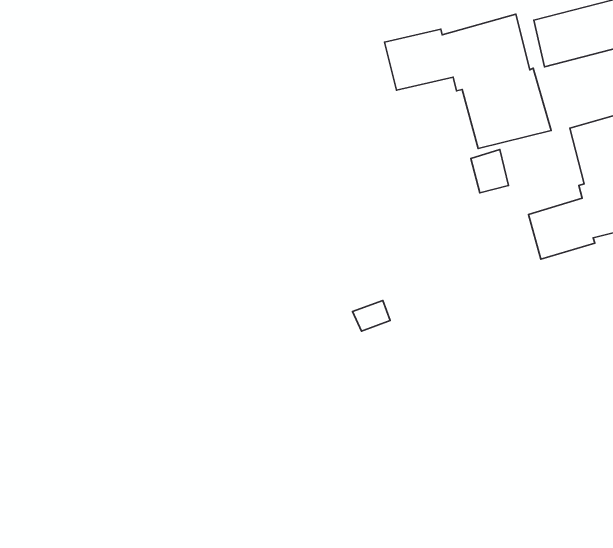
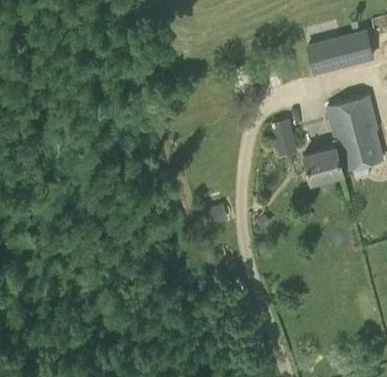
building: [384,14,551,149] -> none

